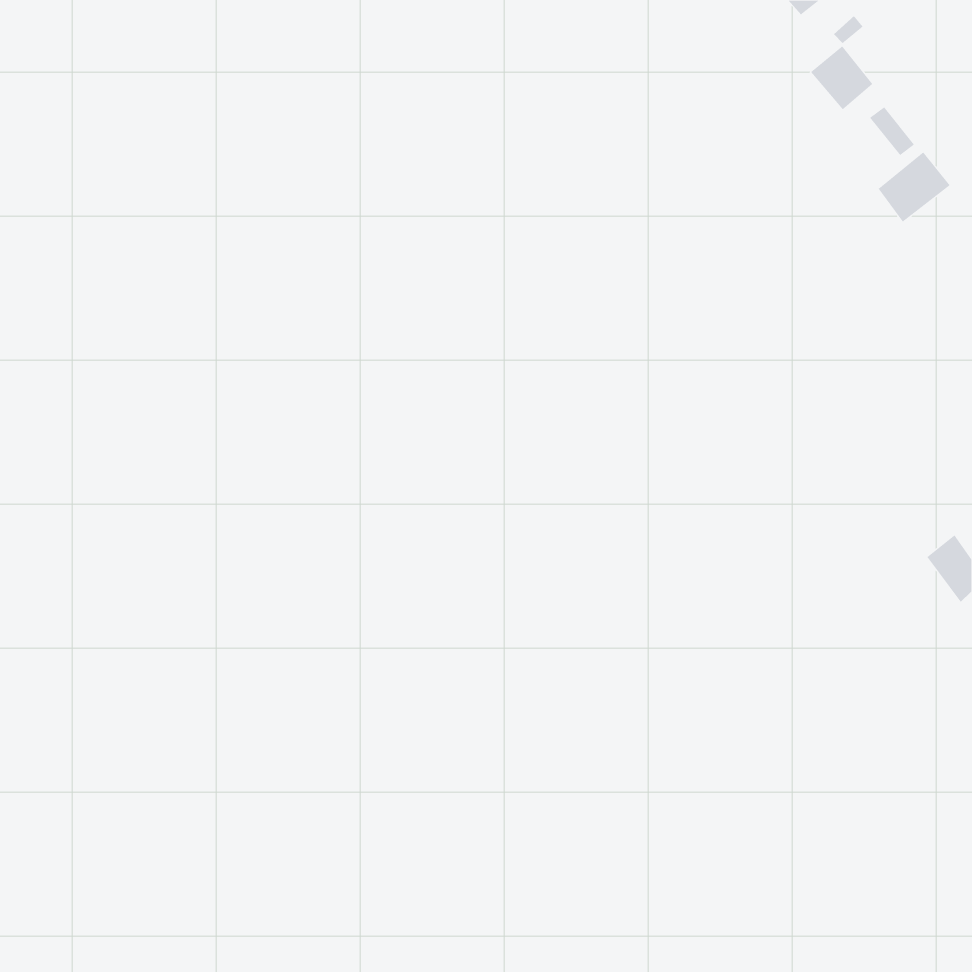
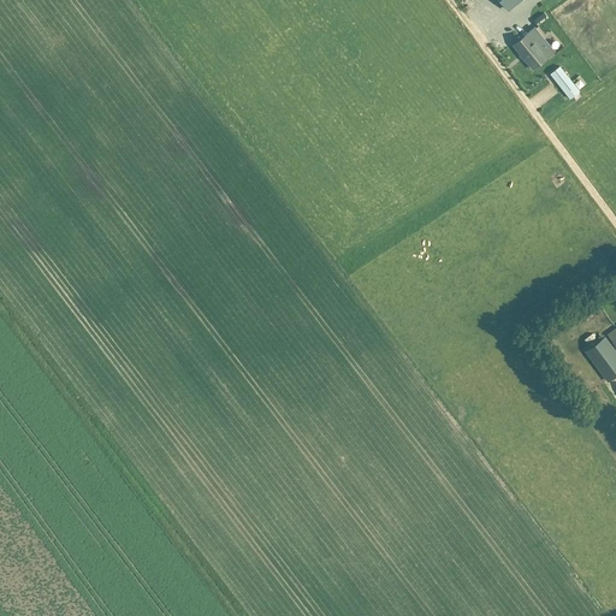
building: [878,151,950,222] -> none

